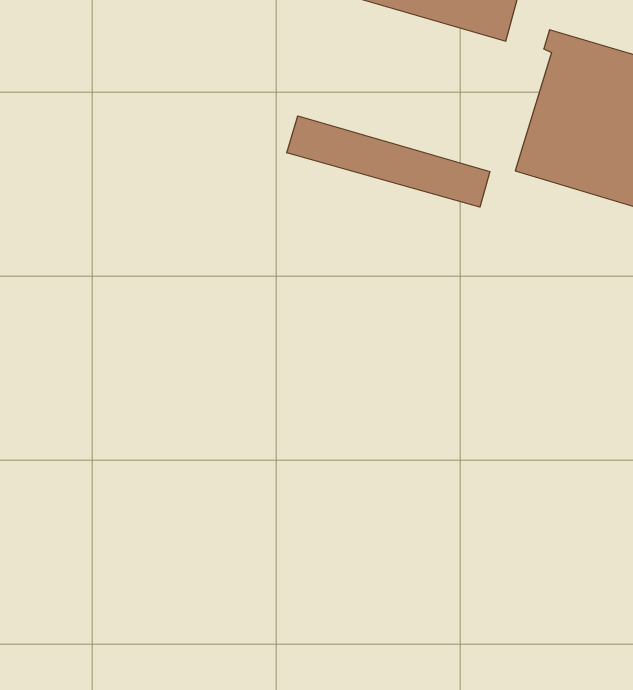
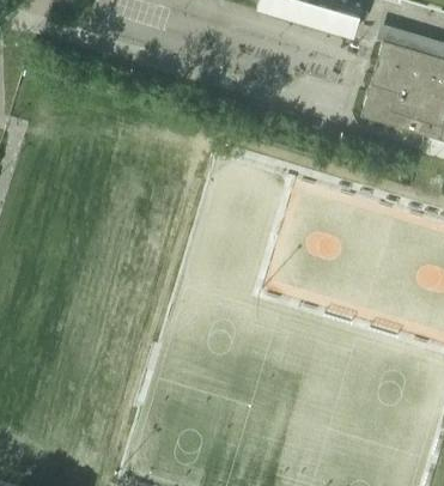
building: [287,116,490,207] -> none

